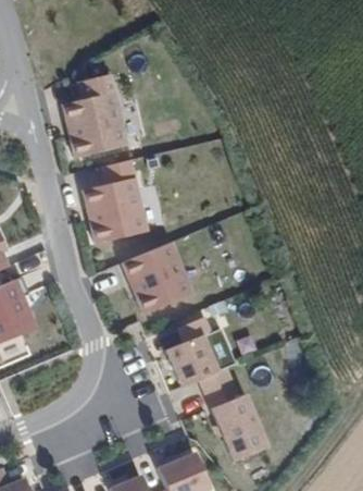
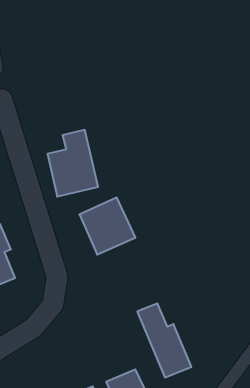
building: [62,77,125,158] -> none
building: [171,321,218,385] -> none

